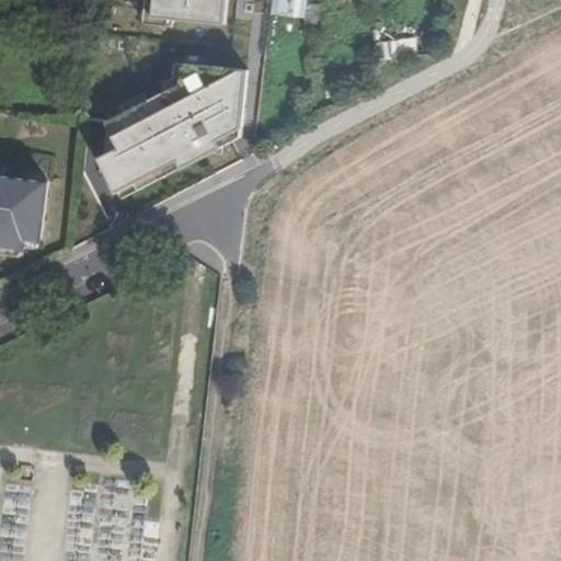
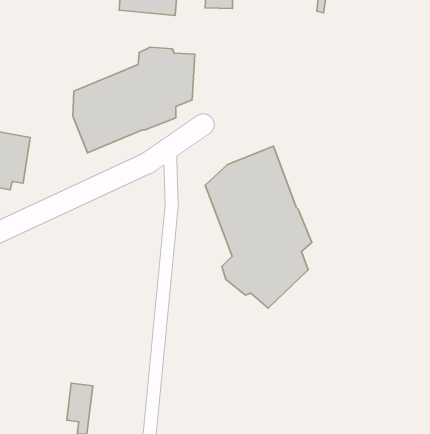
building: none -> [205,146,312,308]

